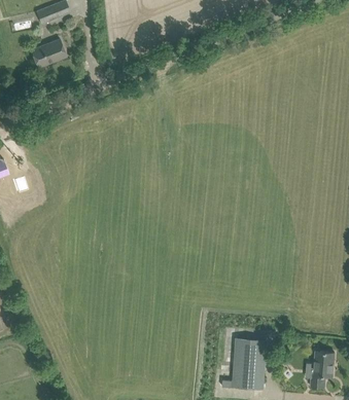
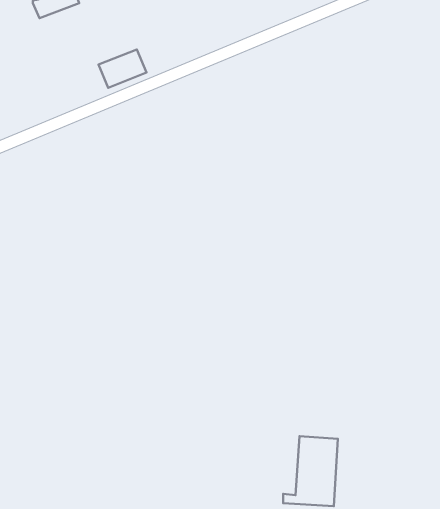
building: [30,39,66,68] -> [99,49,146,88]
building: [310,352,334,388] -> none

